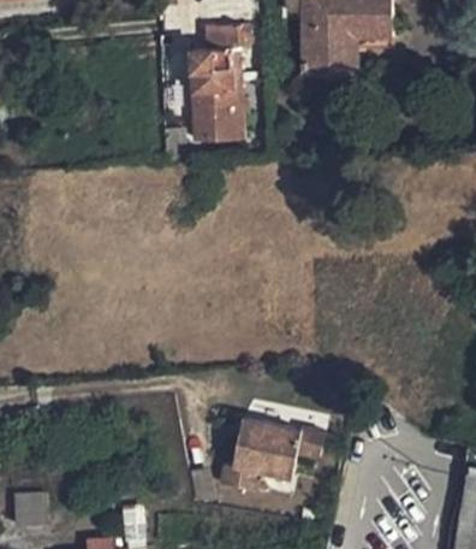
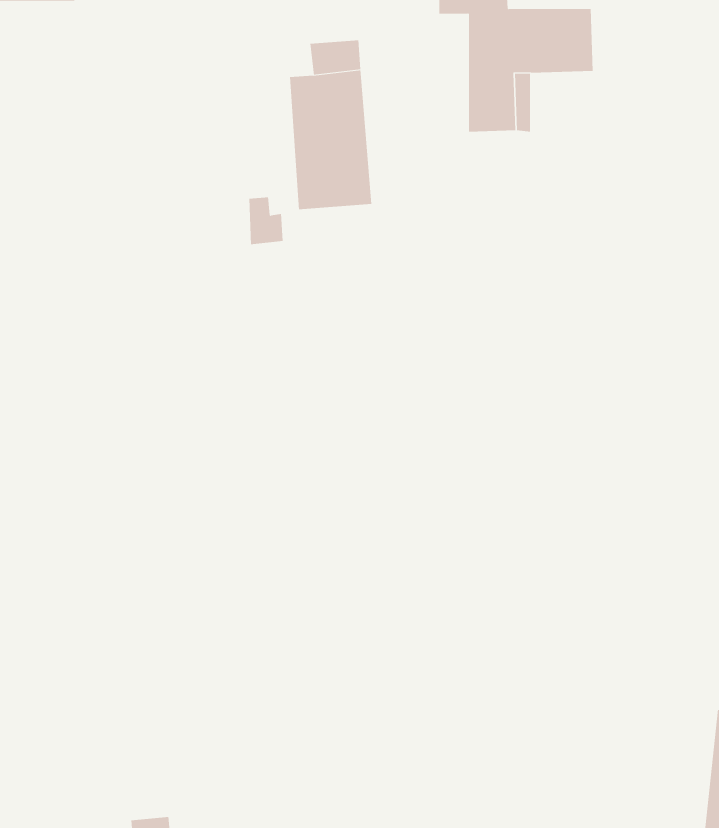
building: [221,413,325,488] -> none
building: [10,491,44,525] -> none

